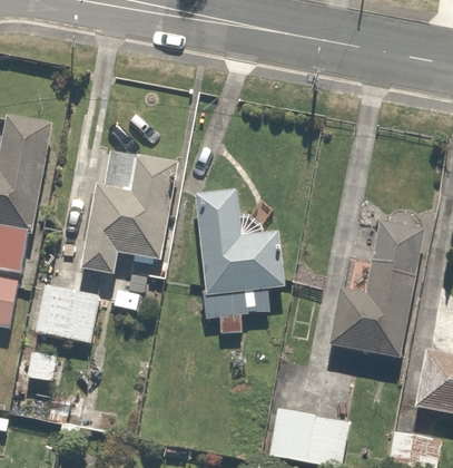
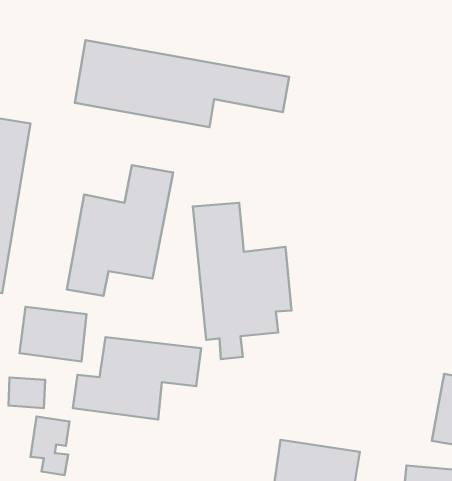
building: none -> [75,40,289,127]
building: [328,223,424,359] -> none
building: none -> [73,337,201,420]

